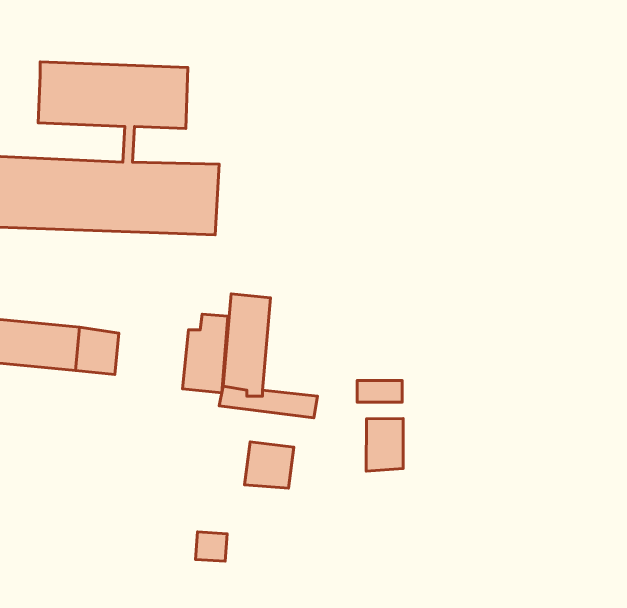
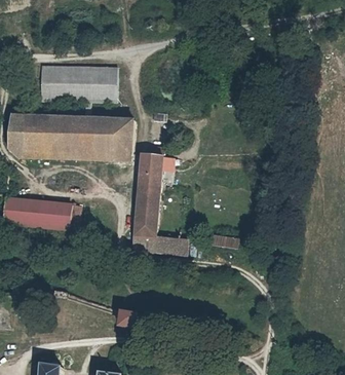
building: [182,314,228,393] -> [137,148,160,189]
building: [366,418,403,471] -> none
building: [245,442,294,488] -> none

